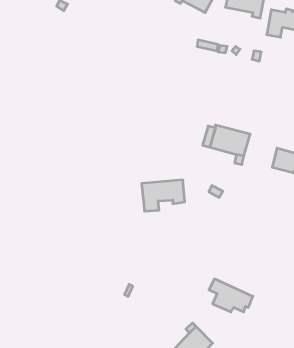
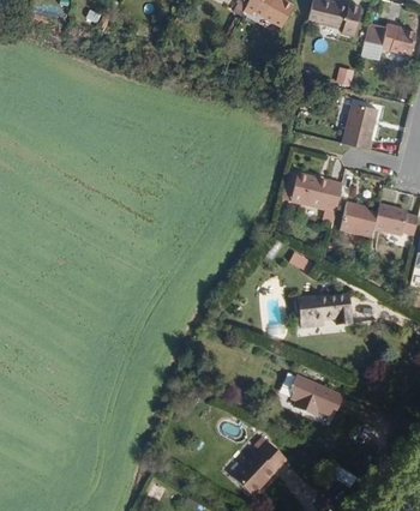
building: none -> [342,101,378,148]
building: none -> [336,200,373,236]
building: [142,180,185,211] -> [295,291,352,332]

